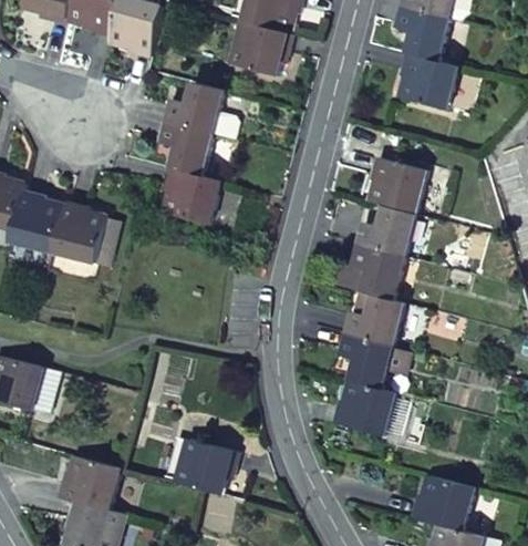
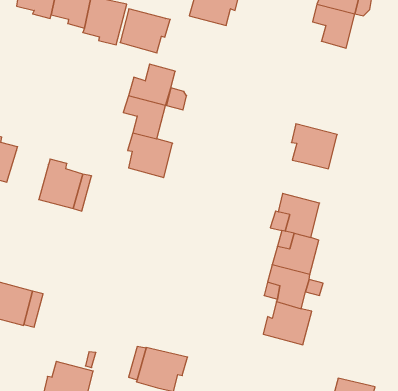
building: [229,20,292,75] -> [120,9,170,53]
building: [400,52,456,109] -> none
building: [9,189,63,251] -> none
building: [358,205,415,256] -> none

